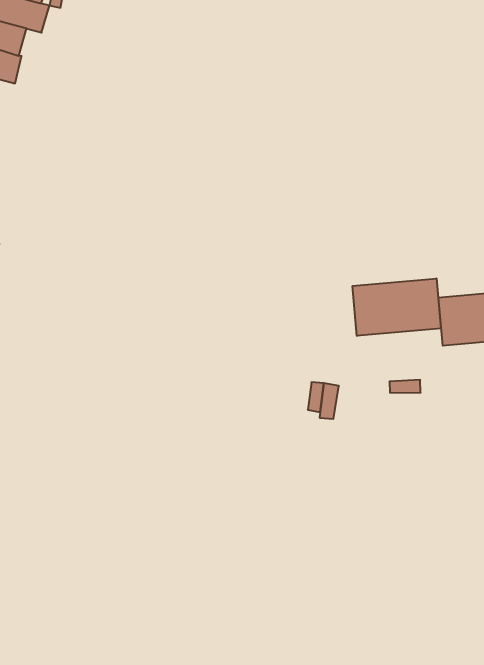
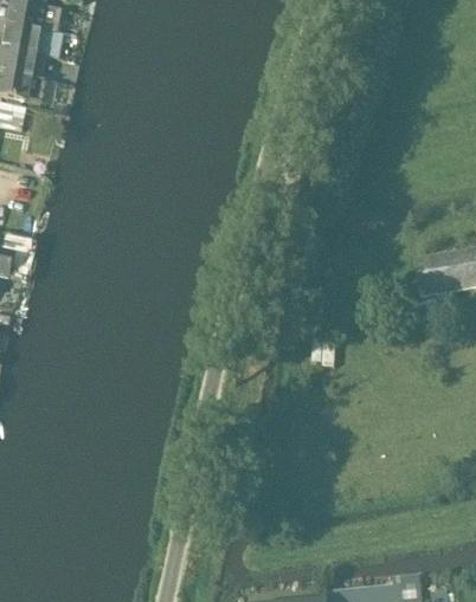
building: [353,278,441,336] -> none

